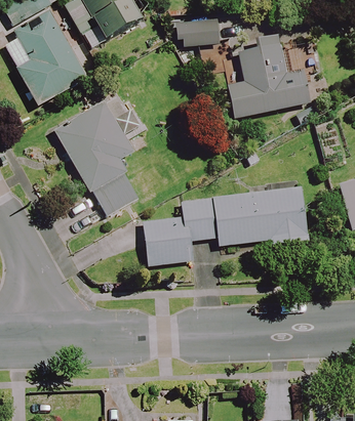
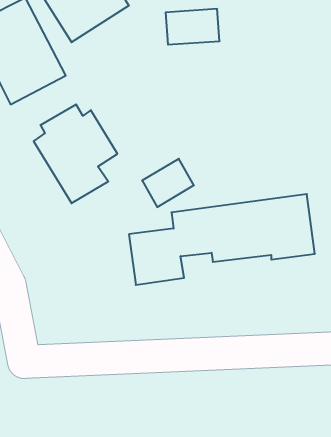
building: [229,35,309,117] -> none
building: [92,173,139,216] -> [142,159,194,207]

